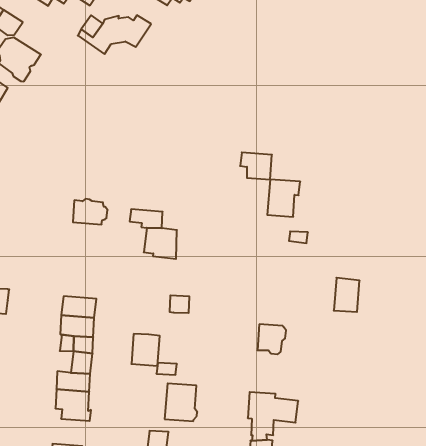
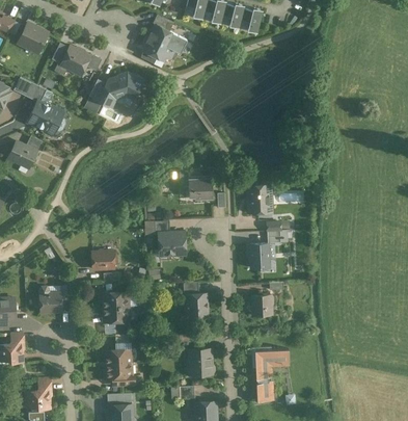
building: [240,152,272,179] -> [189,180,213,200]
building: [73,199,108,224] -> [91,251,117,269]
building: [334,278,360,312] -> [250,244,269,269]
building: [131,334,160,366] -> [187,294,208,318]

